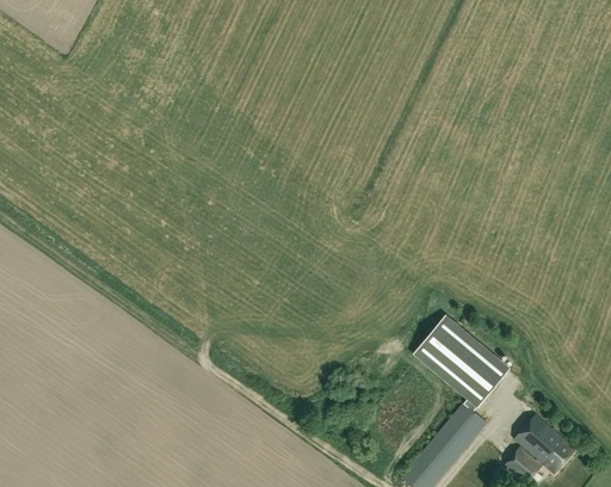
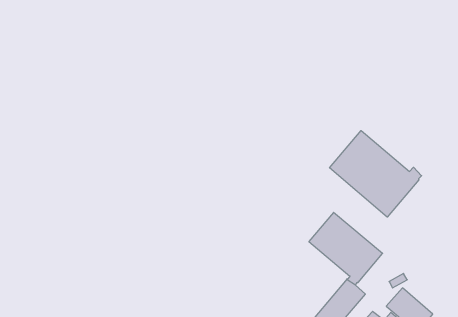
building: none -> [330,131,422,217]

